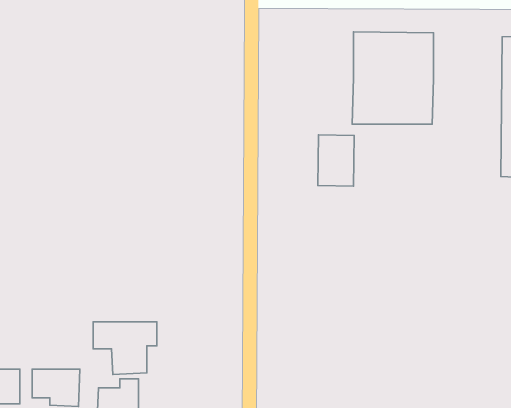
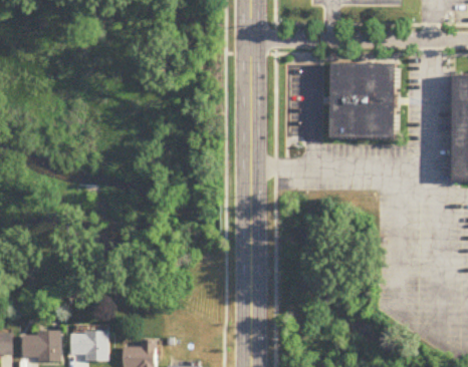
building: [318,135,354,186] -> none
building: [93,322,157,374] -> none

